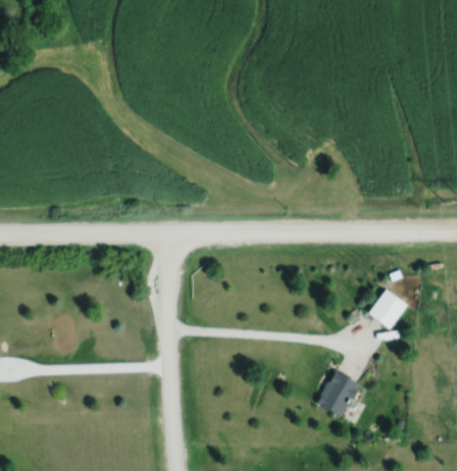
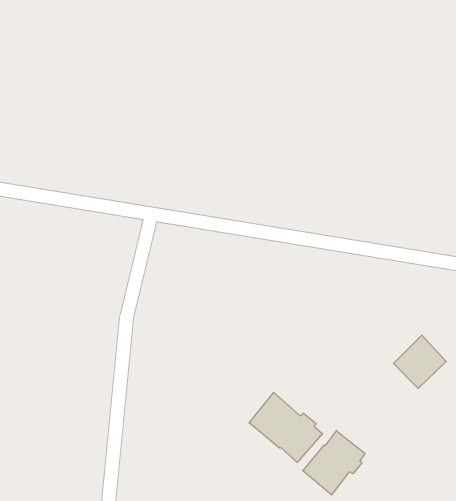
building: none -> [249,392,322,462]

